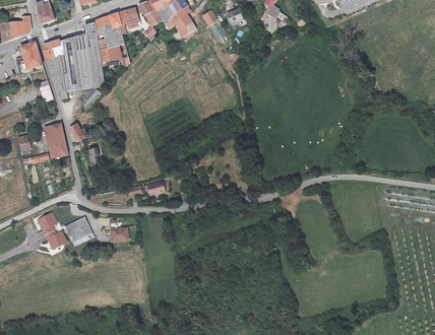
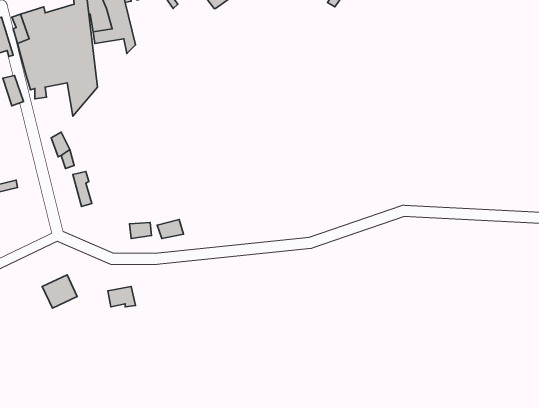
building: [44,124,67,158] -> none
building: [42,213,67,242] -> none

